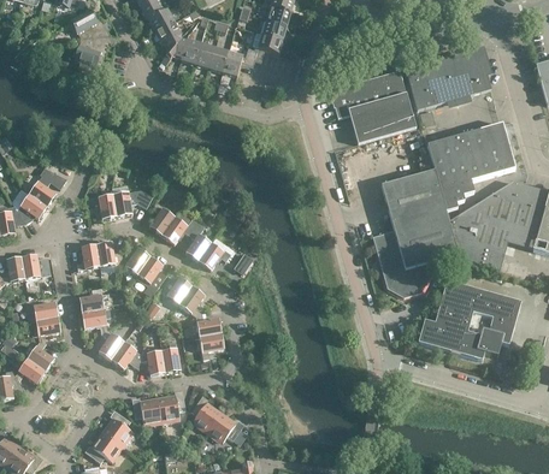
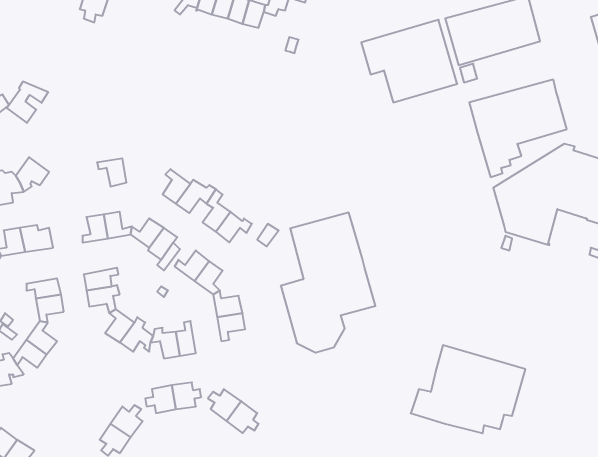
building: [29,167,66,205] -> [7,82,48,123]
building: [372,168,458,295] -> [281,213,375,353]
building: [112,183,153,214] -> none
building: [423,284,526,363] -> [411,345,525,433]

